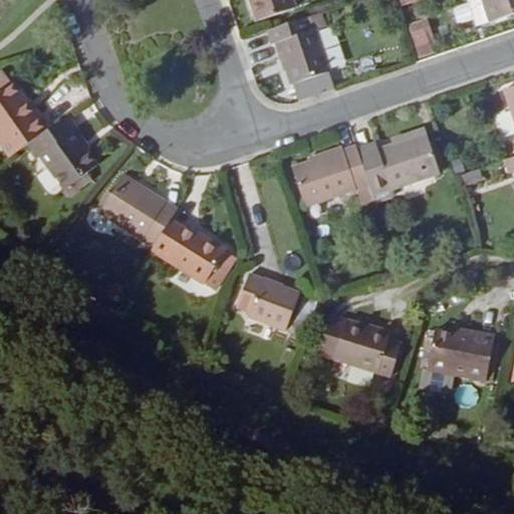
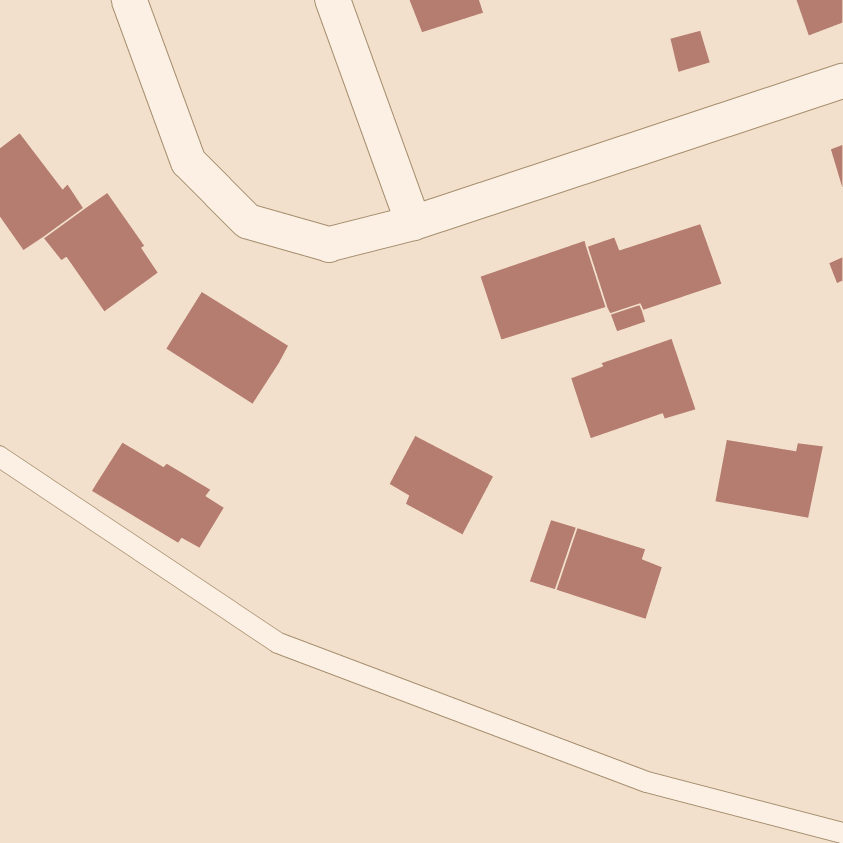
building: [266,19,327,88] -> none
building: none -> [570,338,696,439]
building: [151,221,232,286] -> [91,441,225,549]
building: [427,332,493,380] -> [715,439,824,518]

